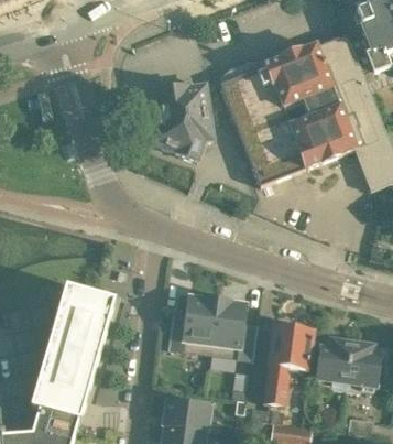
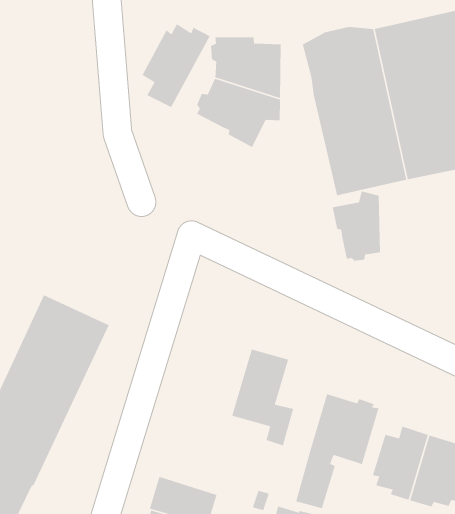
building: none -> [141,23,211,108]
building: none -> [332,191,381,262]
building: [168,295,217,355] -> none

